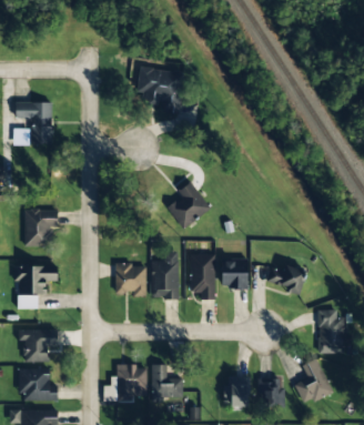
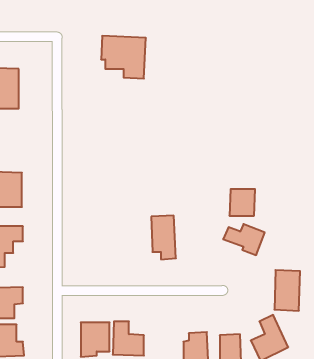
building: [169,182,210,229] -> none
building: [151,253,179,300] -> none
building: [221,261,247,289] -> [229,189,255,216]
building: [114,264,145,296] -> none

